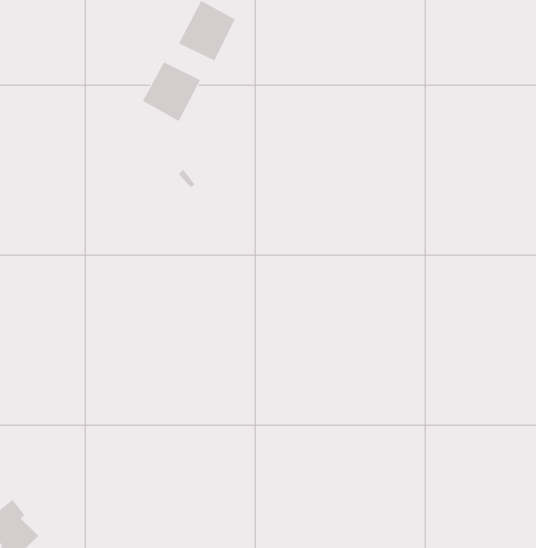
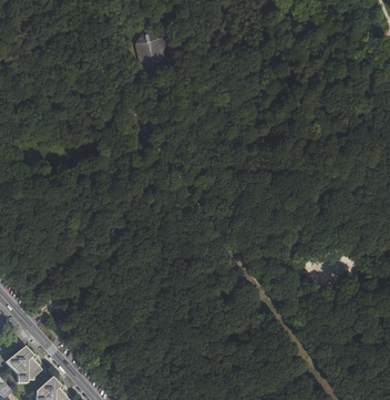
building: [142,61,201,122] -> none

